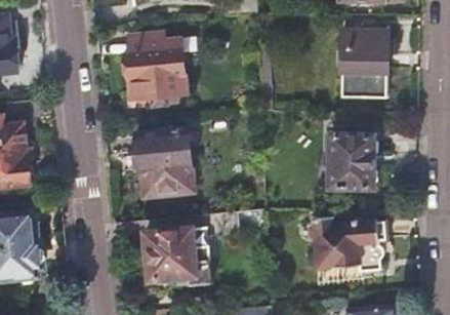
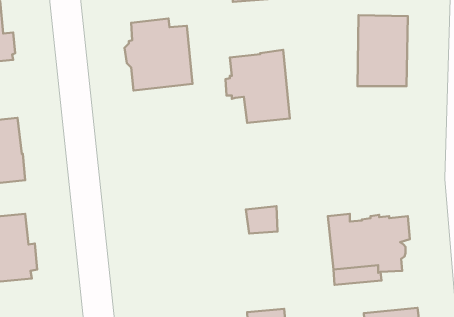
building: [131,127,192,196] -> [225,50,290,123]
building: [330,134,373,187] -> none
building: [145,229,212,285] -> none

